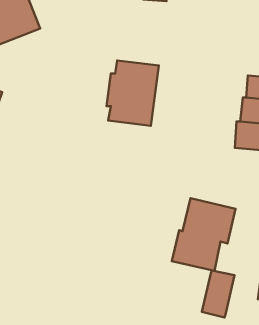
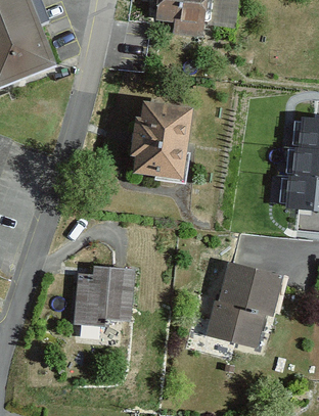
building: none -> [76,268,131,325]
building: [202,270,235,318] -> none

